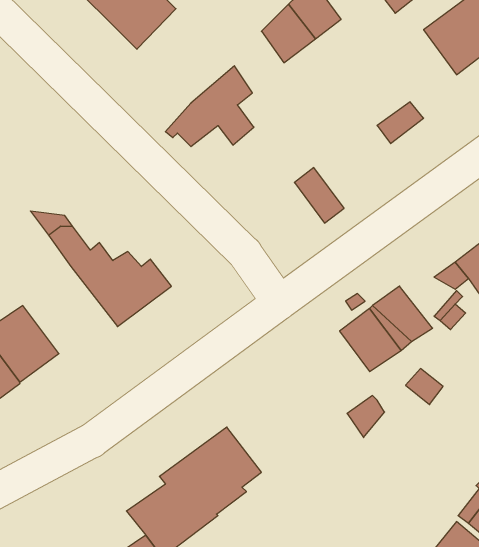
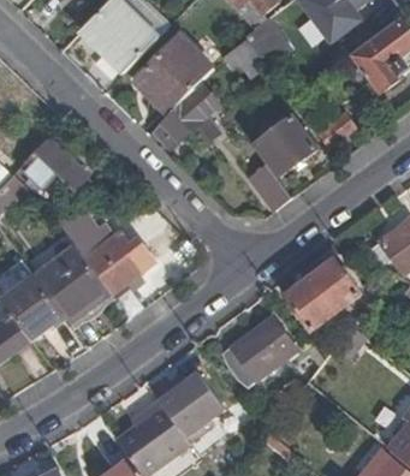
building: none -> [133,37,212,113]
building: none -> [254,115,316,175]
building: none -> [19,137,89,195]
building: none -> [31,244,108,322]
building: none -> [226,316,299,383]

